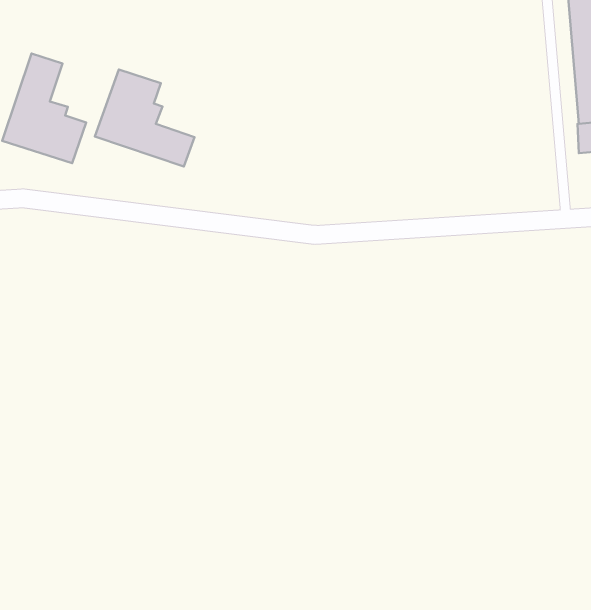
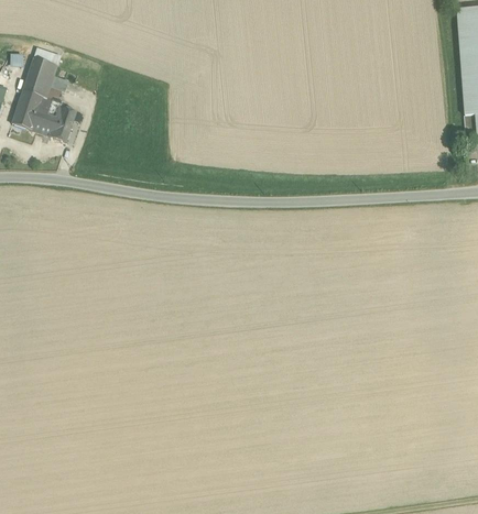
building: [95,69,195,167] -> none

